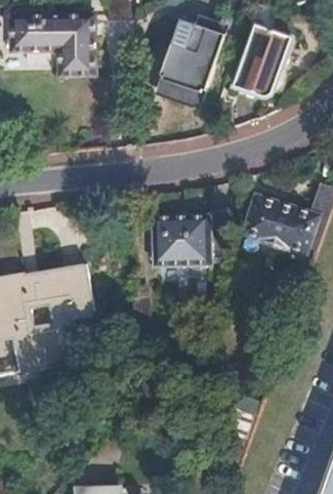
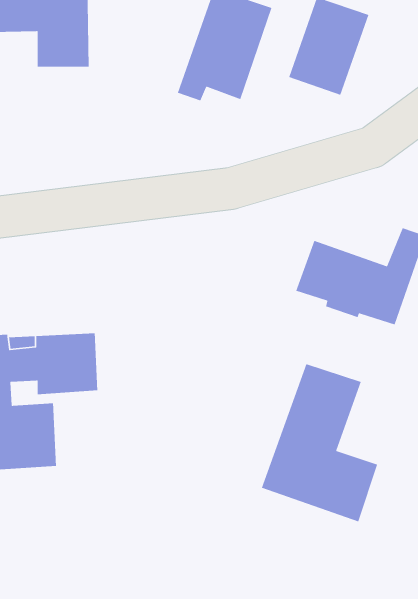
building: [153,214,210,262] -> none
building: none -> [261,363,378,522]

